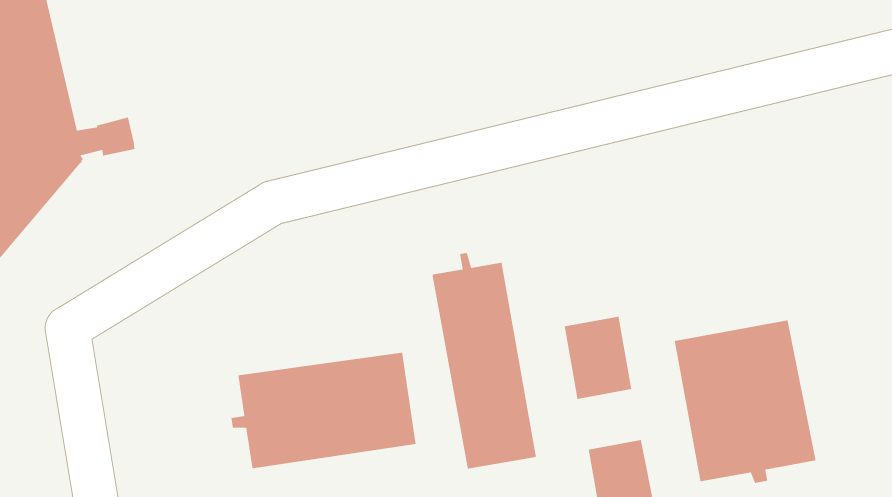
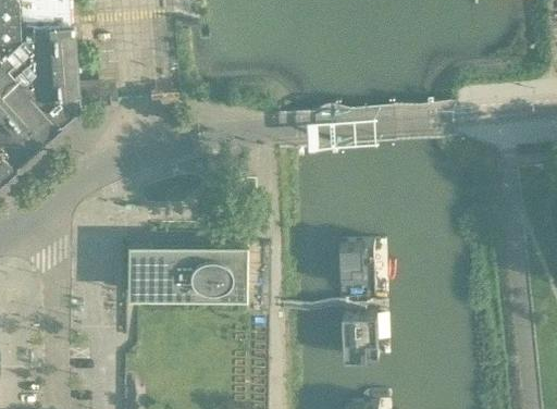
building: [431,252,537,470] -> none
building: [674,319,817,484] -> none

